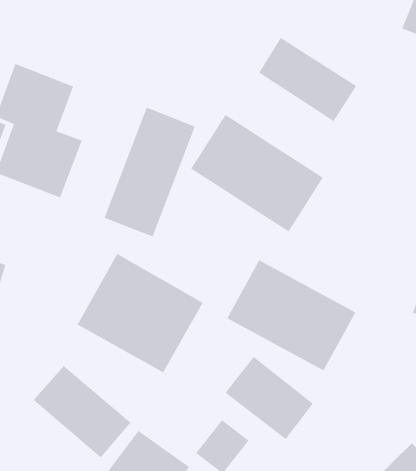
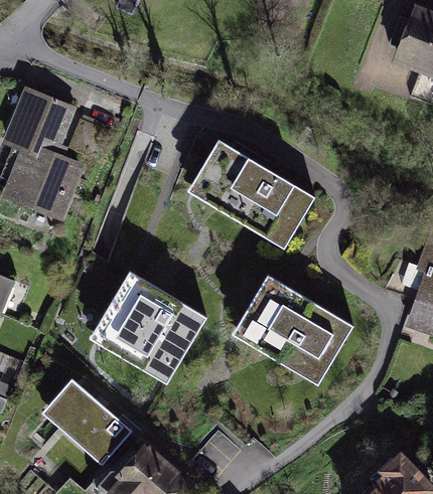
building: [258,37,357,122] -> none
building: [104,107,196,238] -> none
building: [225,356,314,440] -> none

